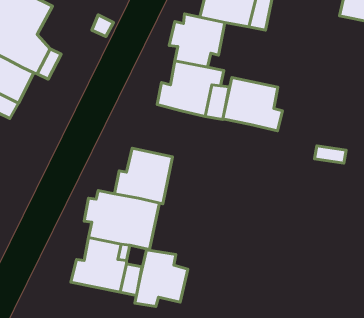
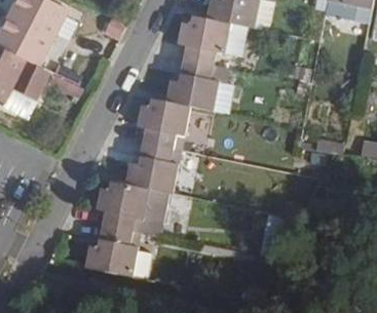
building: [223,77,282,131] -> none
building: none -> [137,100,188,150]
building: [135,250,188,307] -> none

